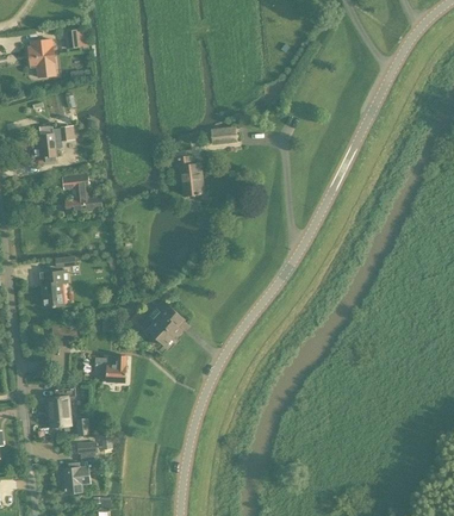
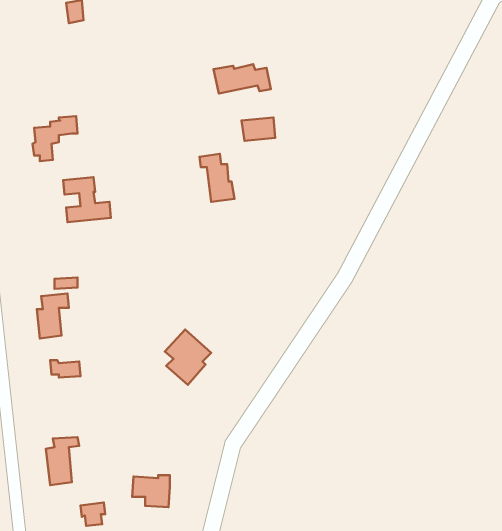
building: [29,45,56,76] -> none
building: none -> [213,64,271,93]
building: [95,355,126,381] -> [132,475,170,507]

